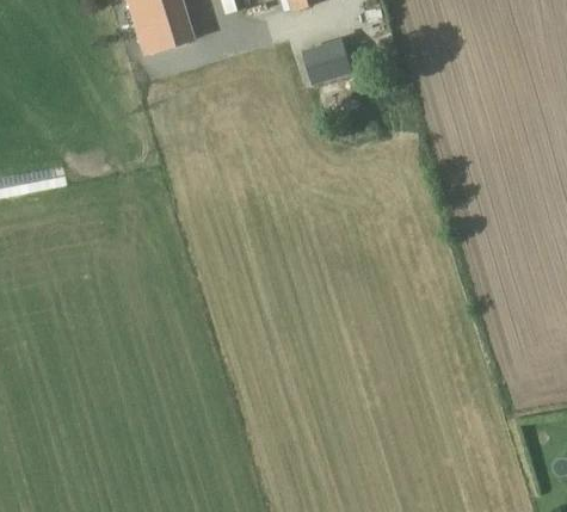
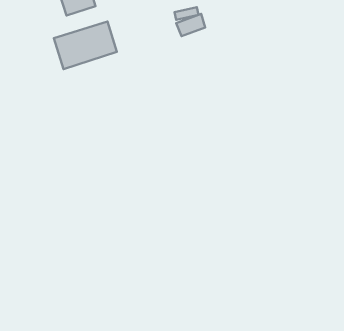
building: none -> [54,21,117,69]

